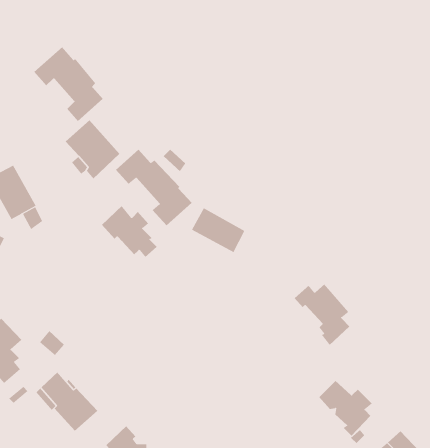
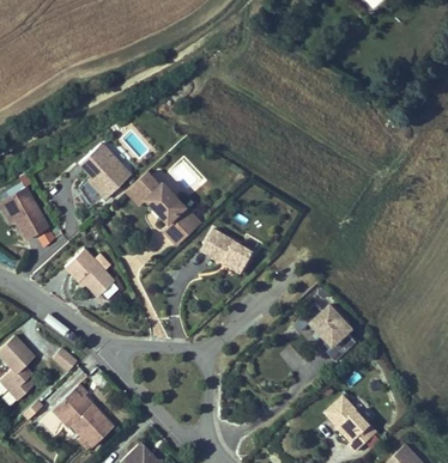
building: [34,46,103,122] -> none
building: [101,205,157,258] -> [63,248,119,299]

